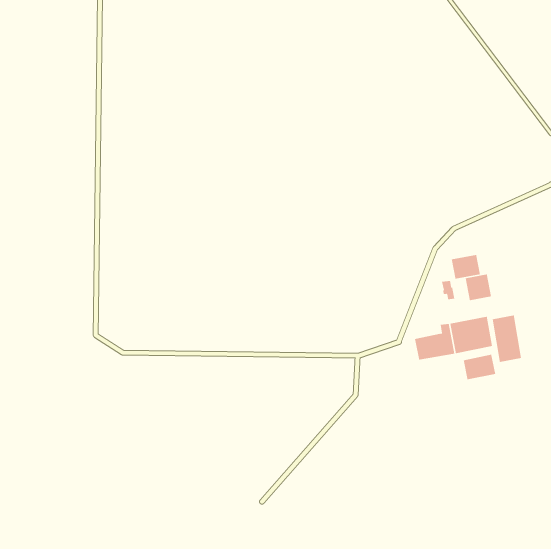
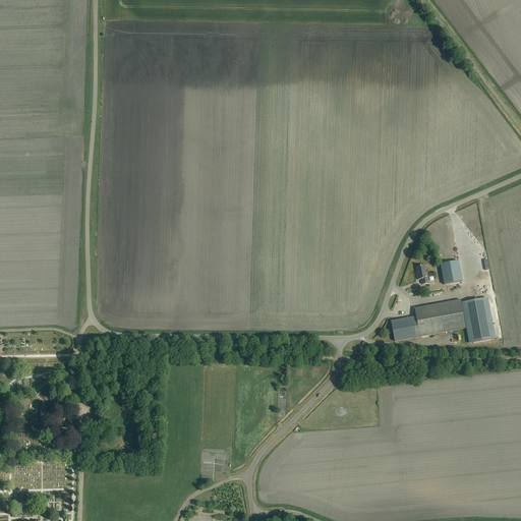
building: [451,254,480,280] -> none
building: [463,354,496,380] -> none

